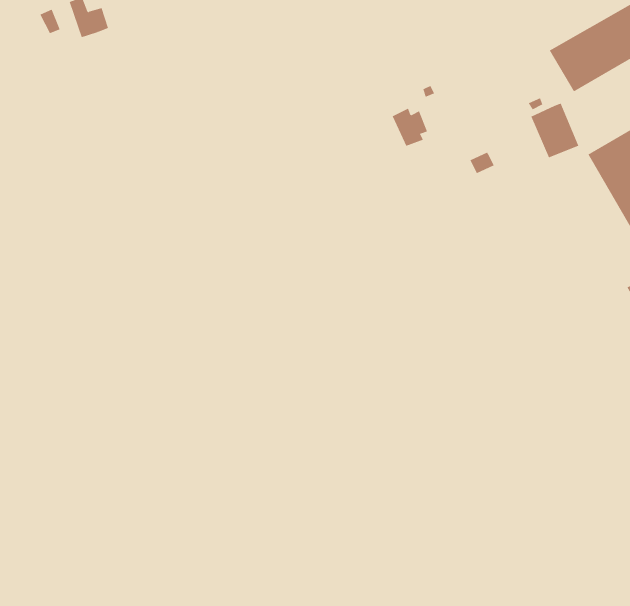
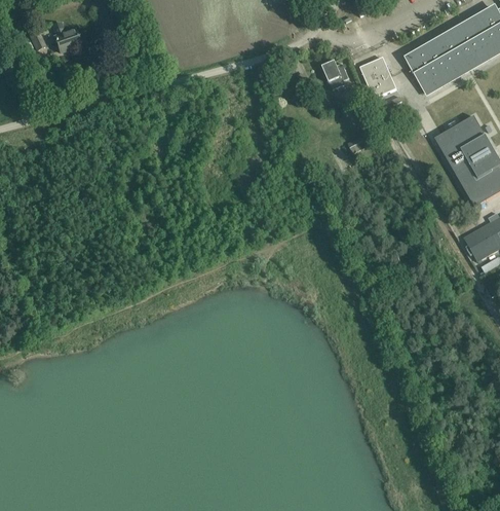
building: [531,103,579,158] -> [360,57,396,98]
building: [392,108,428,147] -> [322,60,349,88]

